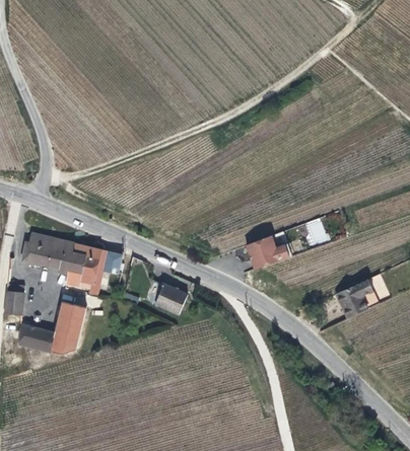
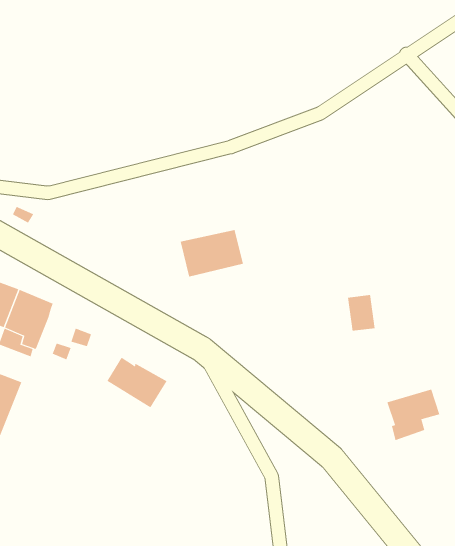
building: [244,232,290,270] -> [180,229,244,277]

